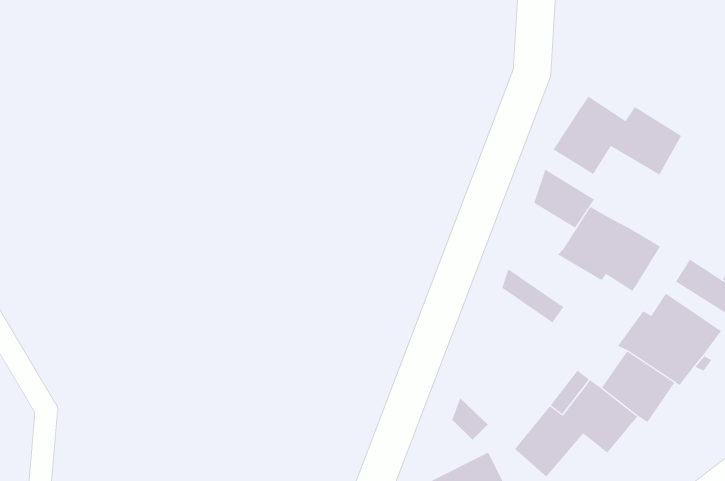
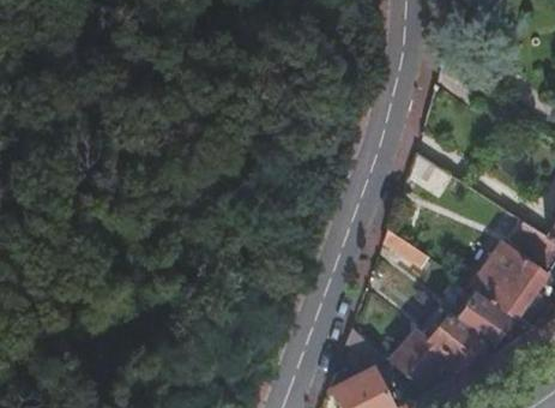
building: [553,96,682,176] -> none
building: [557,206,661,292] -> none

